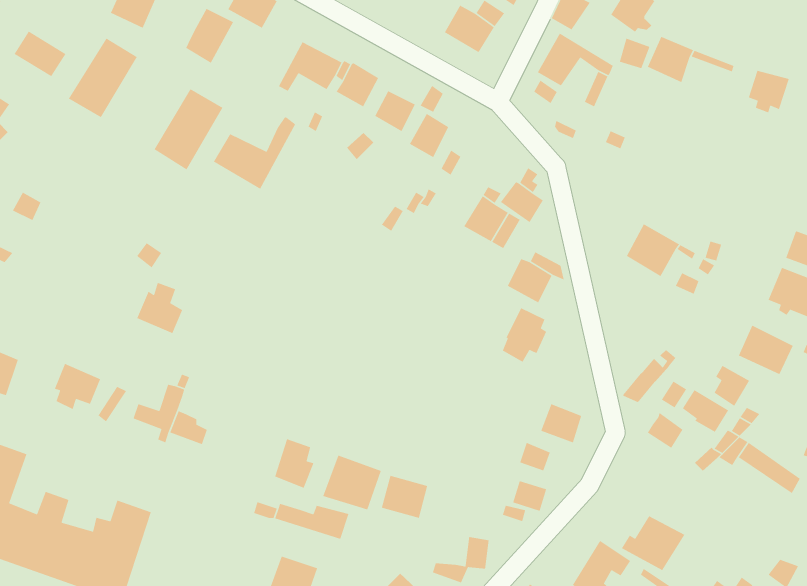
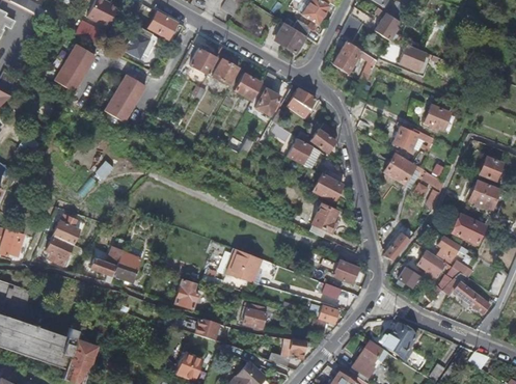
building: [14,31,66,77] -> none
building: [748,70,790,114] -> [425,106,450,132]
building: none -> [289,88,318,119]
building: [213,116,296,190] -> none
building: none -> [391,121,434,152]
building: [136,282,183,334] -> [52,215,80,246]
building: [322,455,382,511] -> [226,250,262,283]

